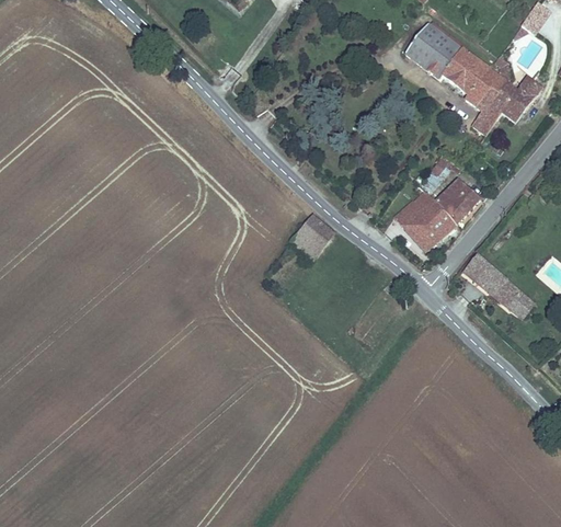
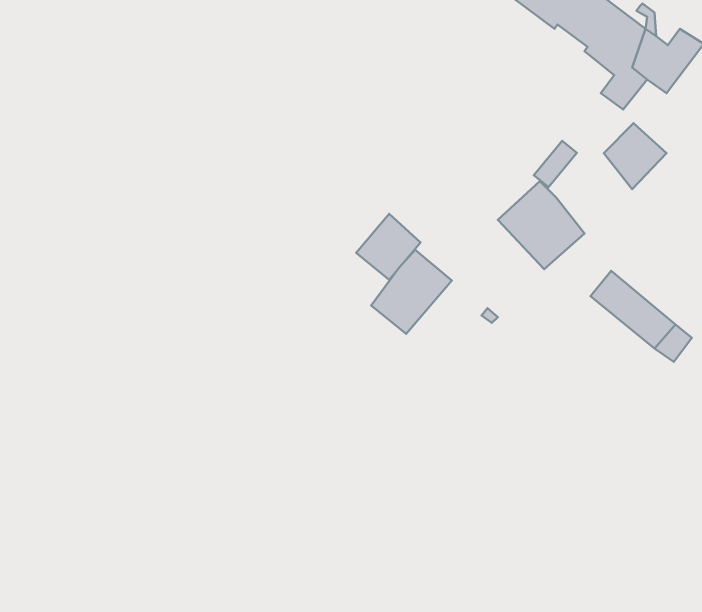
building: [436,177,482,226] -> [604,123,666,189]
building: none -> [371,250,452,334]

